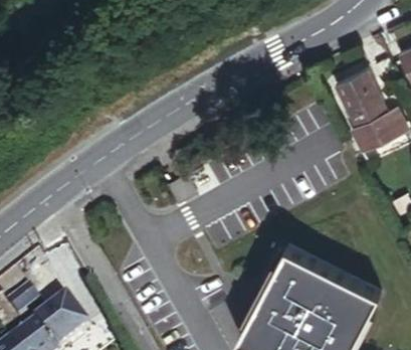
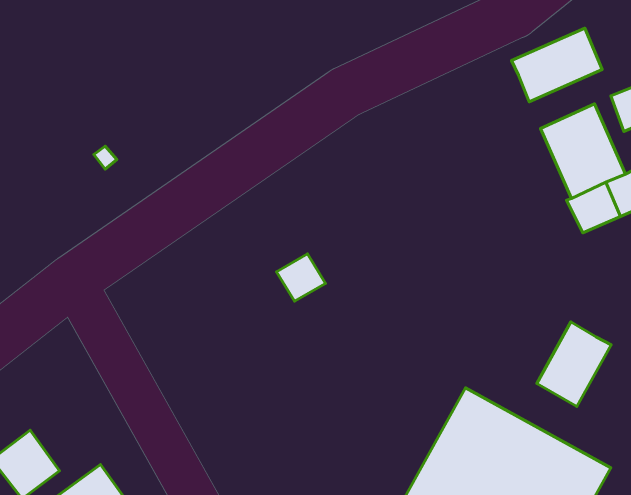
building: none -> [512,28,602,102]
building: none -> [537,322,611,406]

